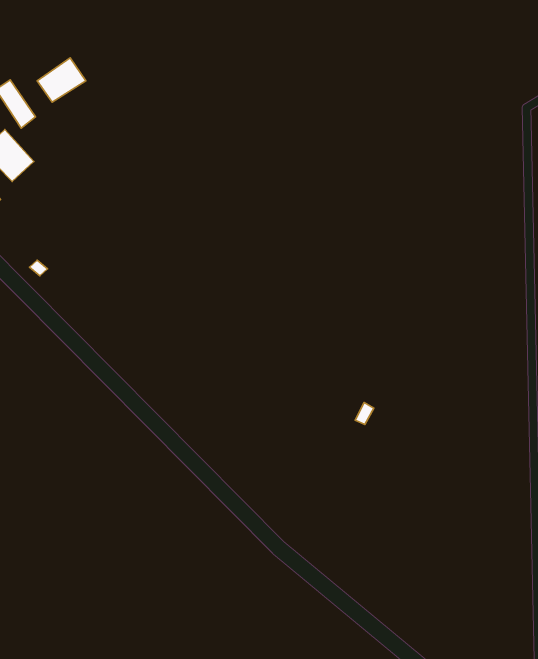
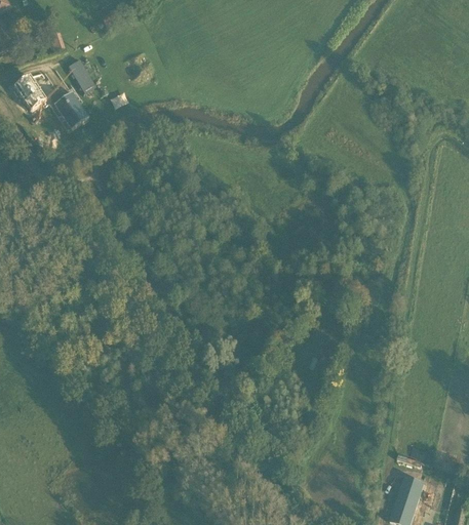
building: [37,58,86,102] -> none

